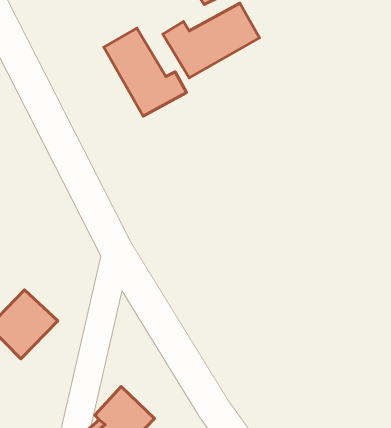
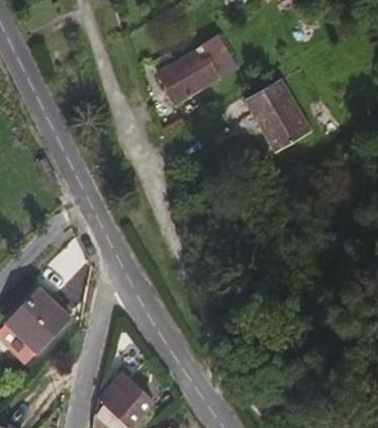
building: [104,28,187,116] -> none
building: none -> [250,82,311,149]

